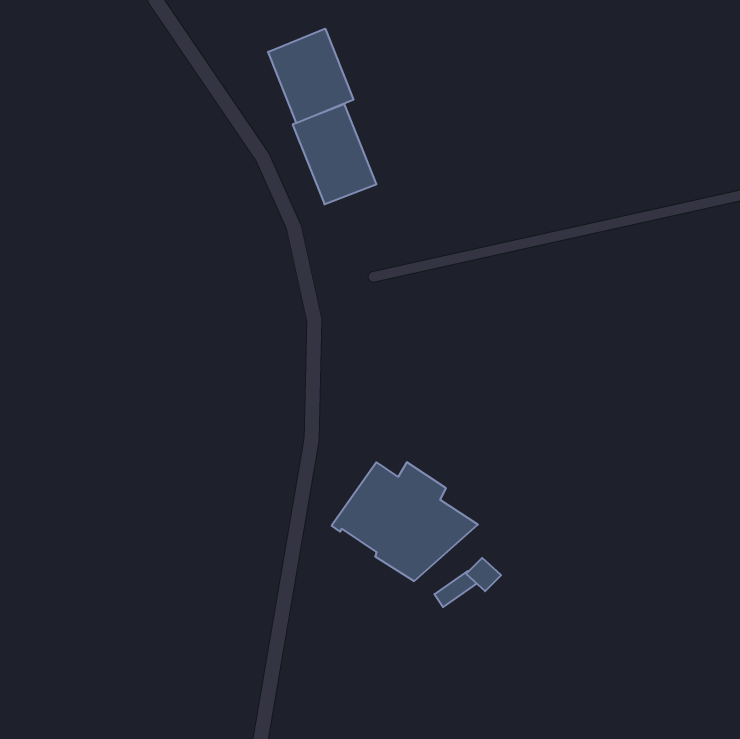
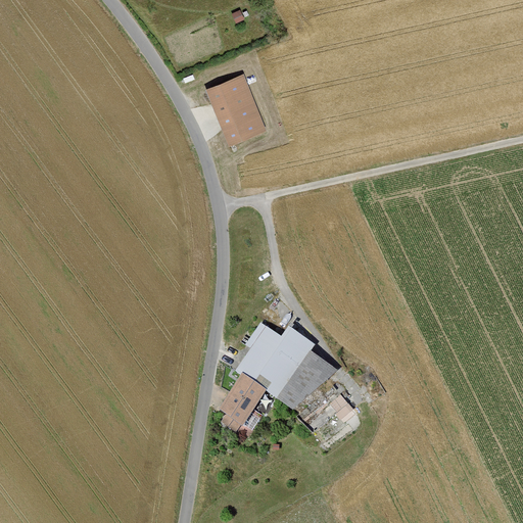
building: [268,29,353,123] -> none
building: none -> [217,373,266,432]

